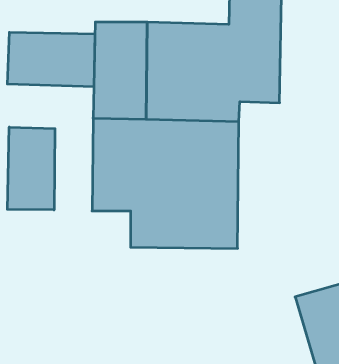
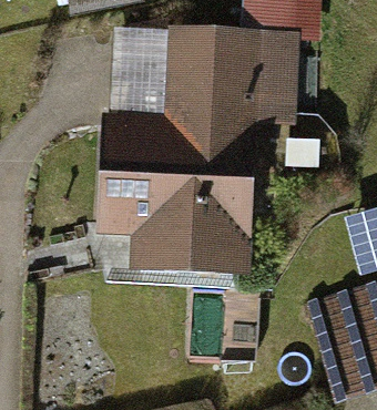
building: [7,32,95,87] -> none
building: [7,127,55,210] -> none

